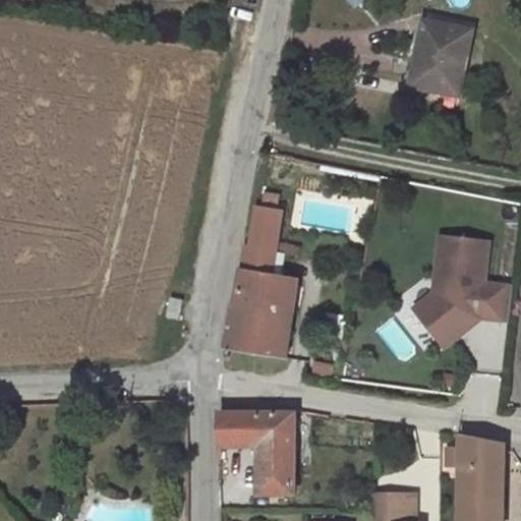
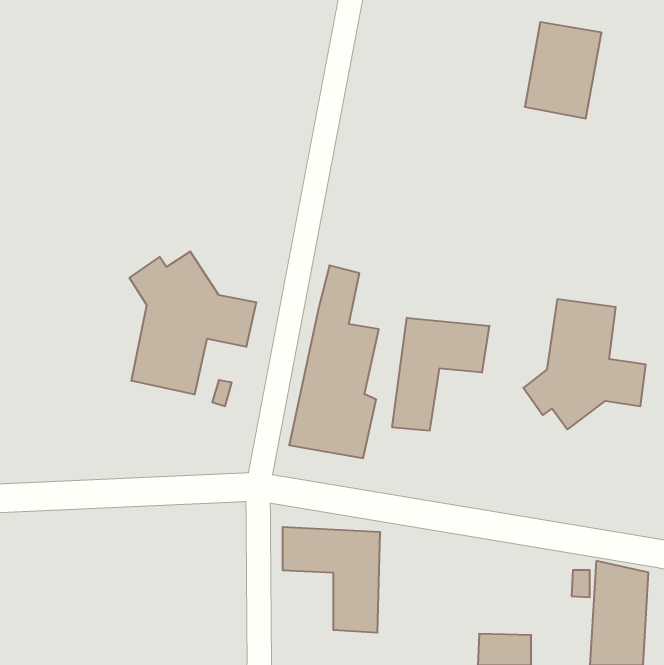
building: none -> [130,251,256,395]
building: none -> [392,318,489,431]

